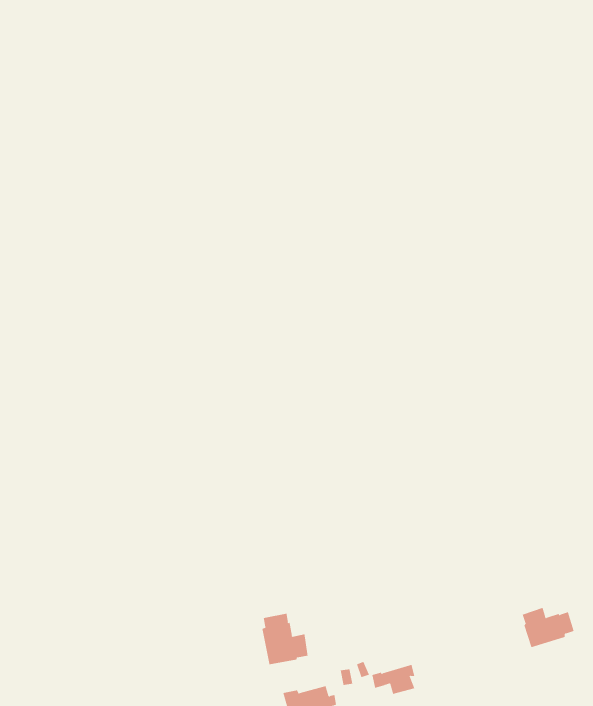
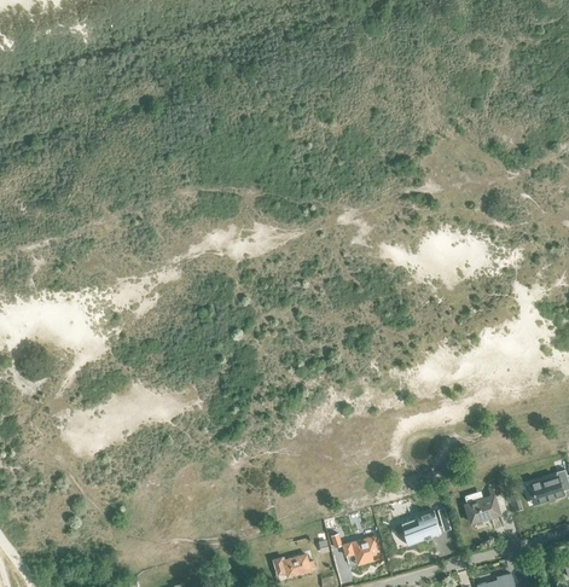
building: [262,613,308,665] -> none
building: none -> [401,510,441,546]

